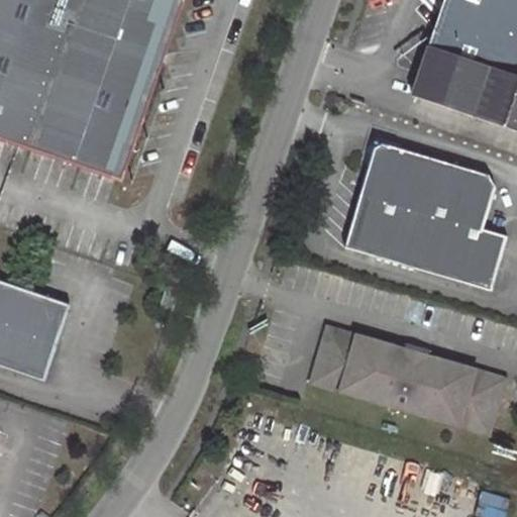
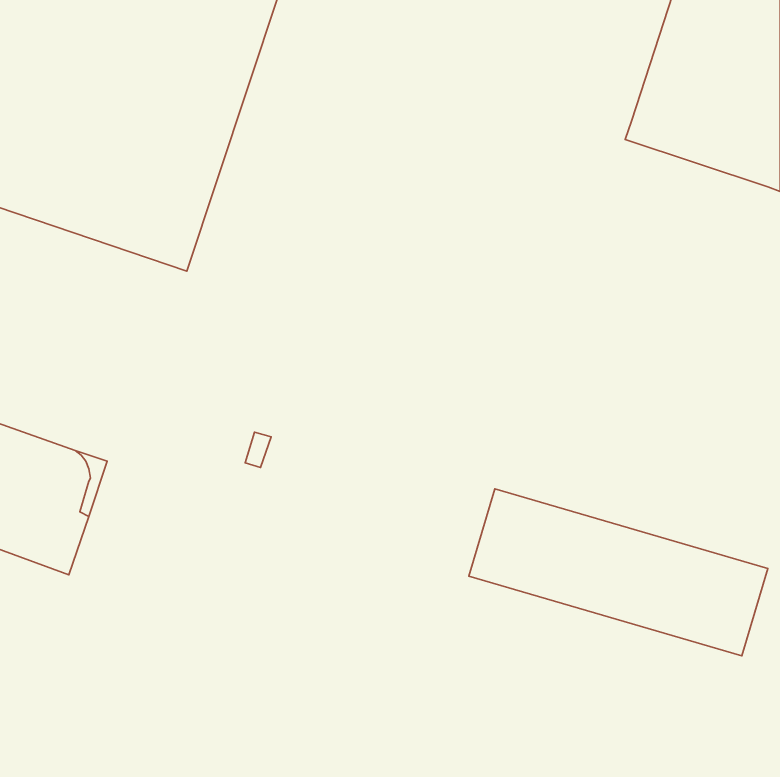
building: [339,144,505,293] -> none

